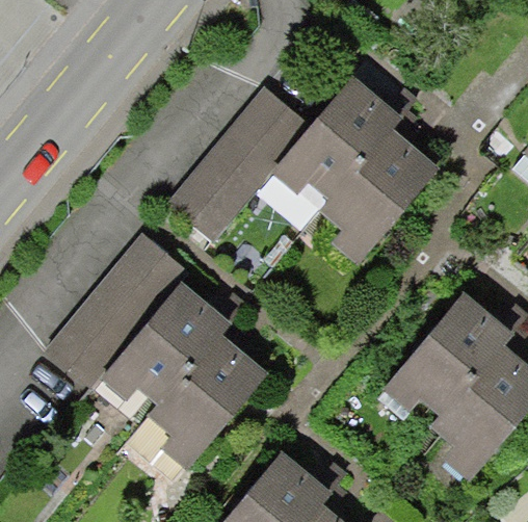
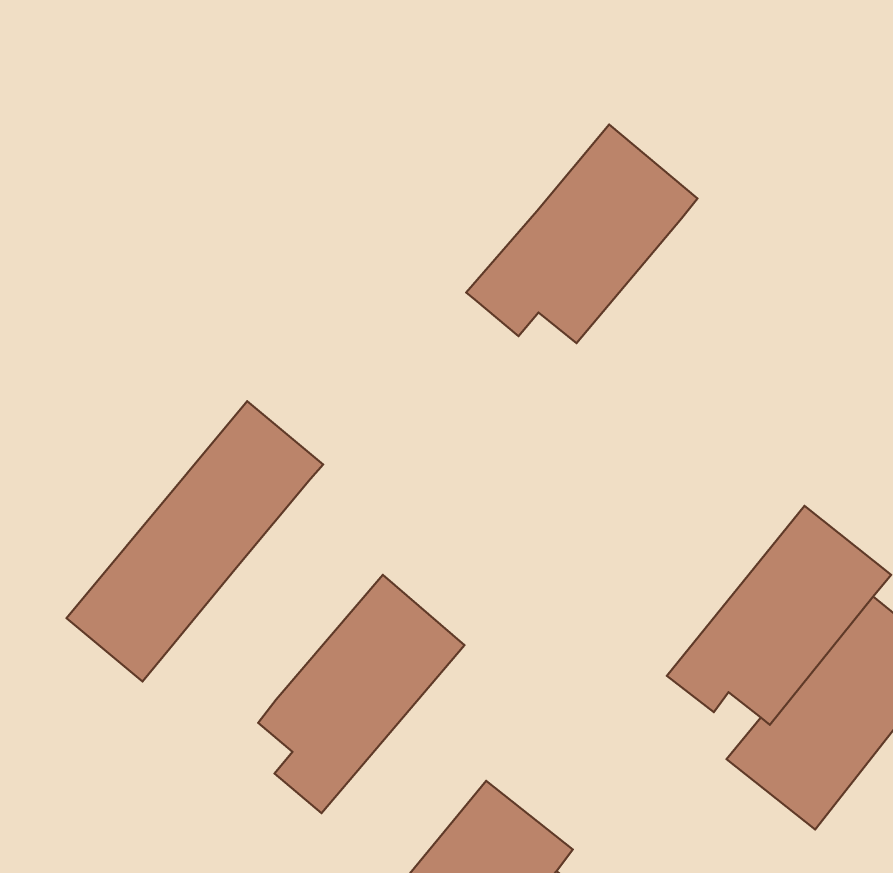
building: [166,86,310,243] -> none
building: [321,128,440,265] -> none
building: [99,278,231,404] -> none

